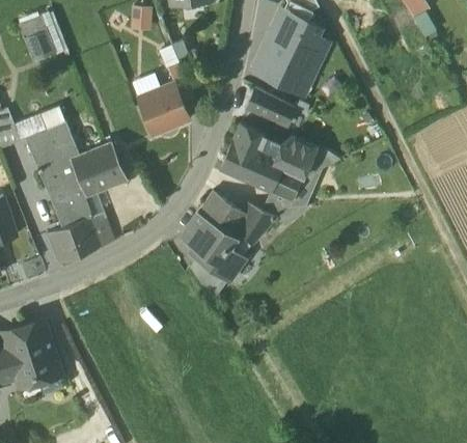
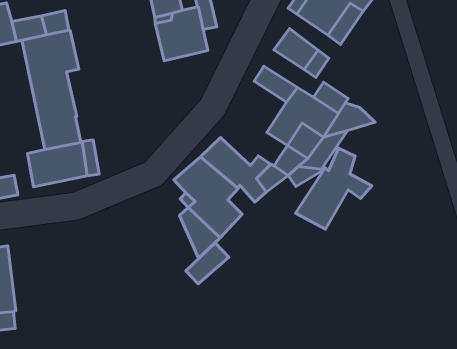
building: [221,139,265,182] -> none
building: [70,142,128,196] -> none
building: none -> [295,148,372,229]
building: none -> [186,243,229,284]

